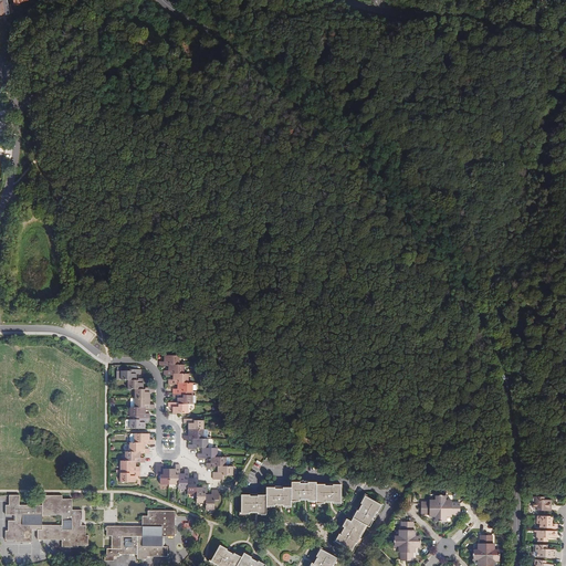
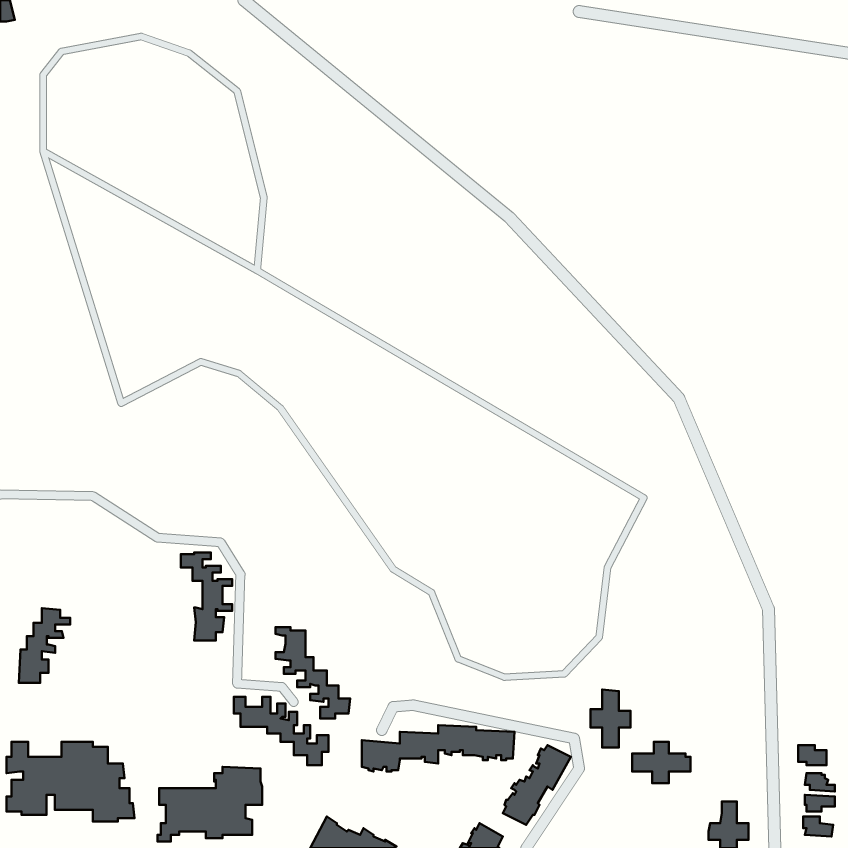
building: [159,354,193,412] -> none
building: [119,431,154,481] -> [19,608,70,683]
building: [394,521,420,559] -> [591,689,630,747]

